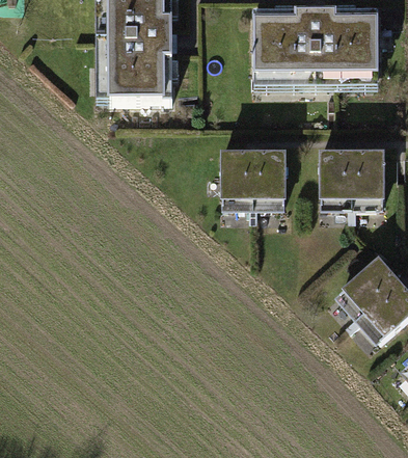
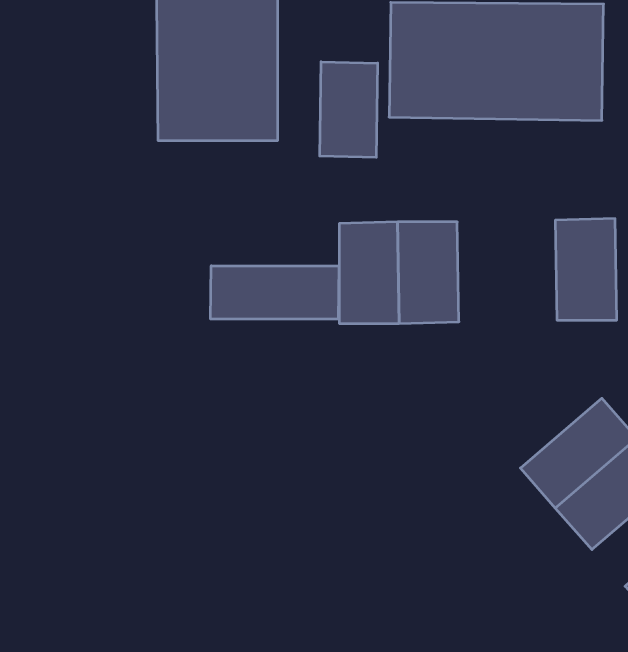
building: none -> [320,62,378,157]
building: [310,146,352,209] -> none
building: none -> [211,266,339,319]

